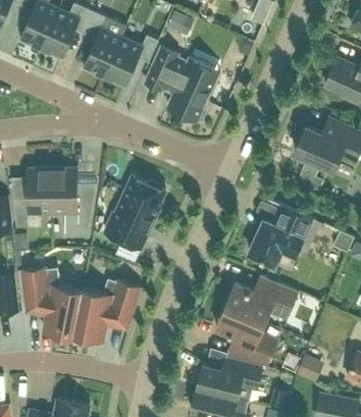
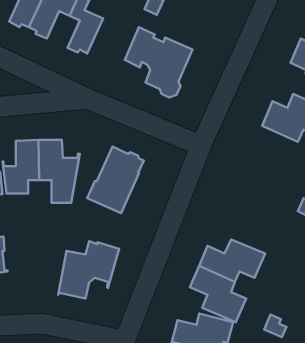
building: [104,35,158,87] -> none
building: [248,206,311,265] -> none
building: [19,267,82,336] -> none

